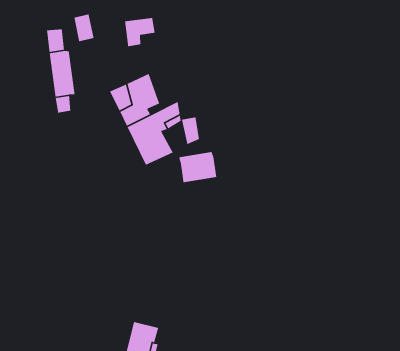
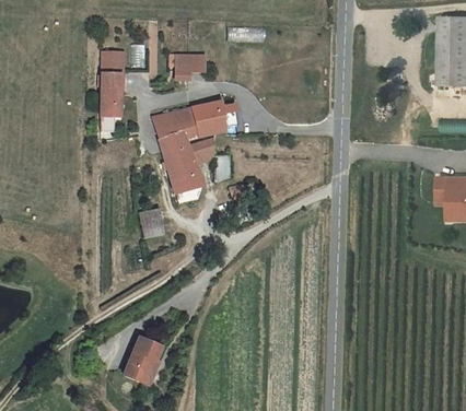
building: none -> [191,102,225,138]
building: [178,151,217,183] -> none
building: none -> [138,209,163,238]

